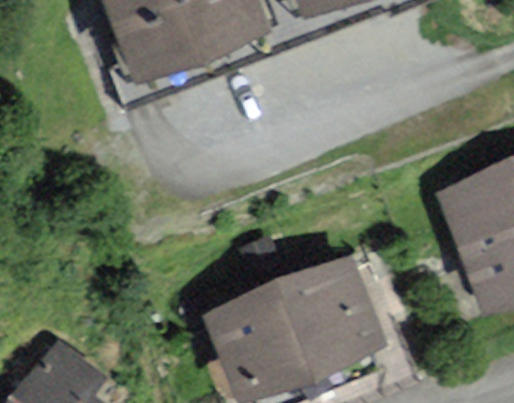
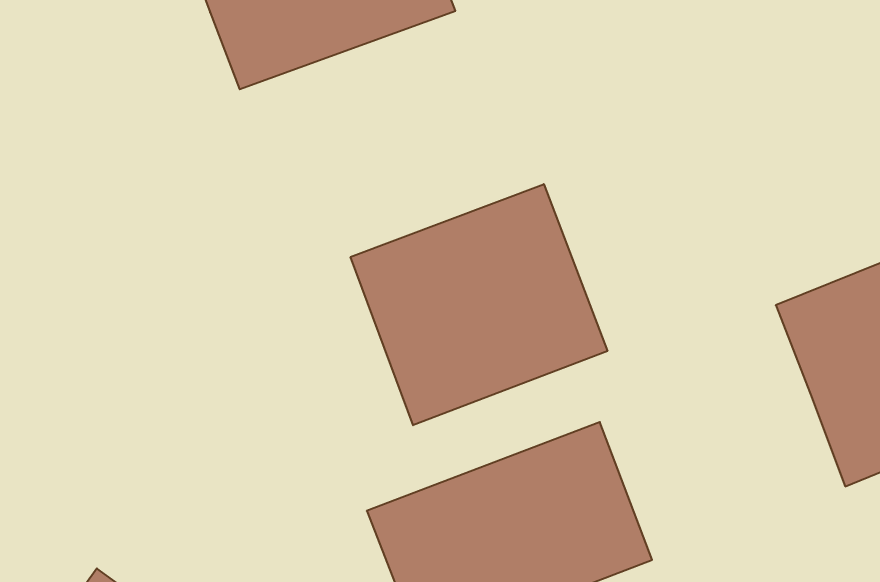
building: none -> [351,184,607,425]

